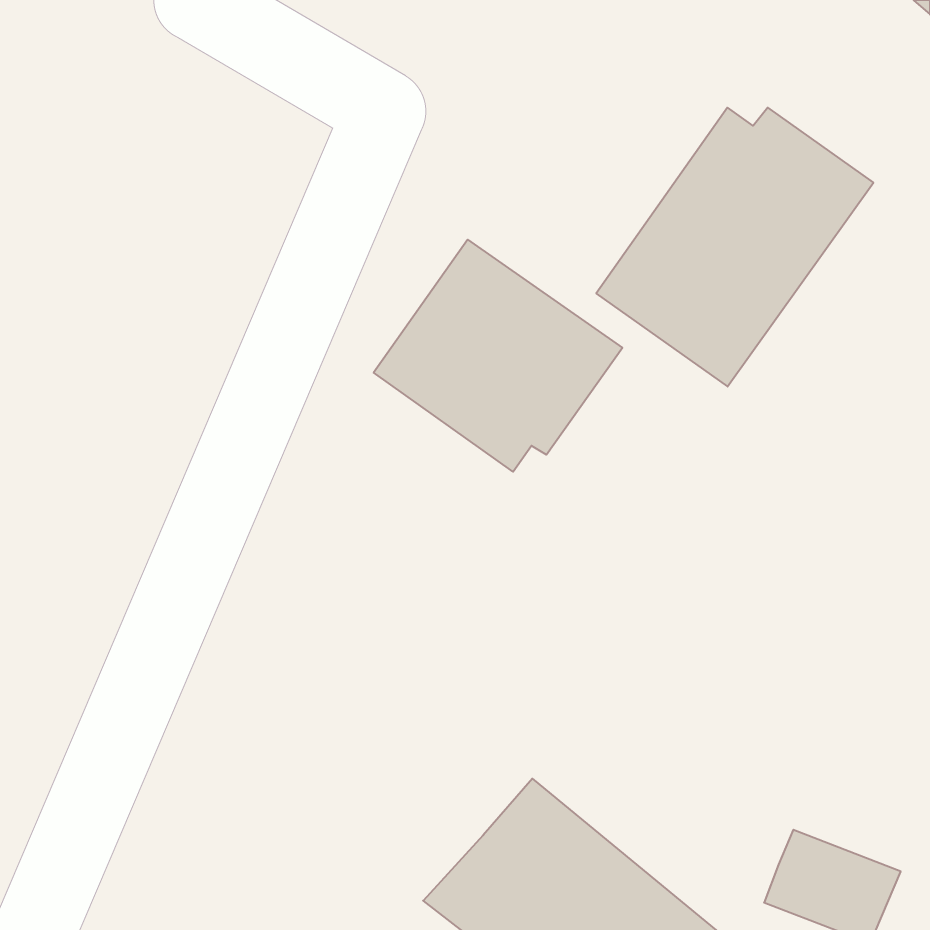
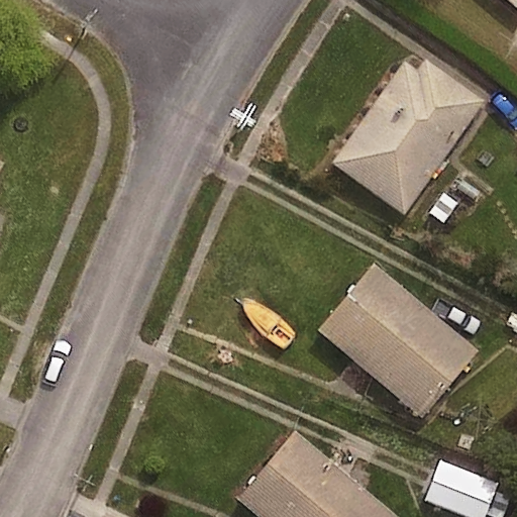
building: [374,240,622,472] -> none
building: none -> [318,265,478,420]

